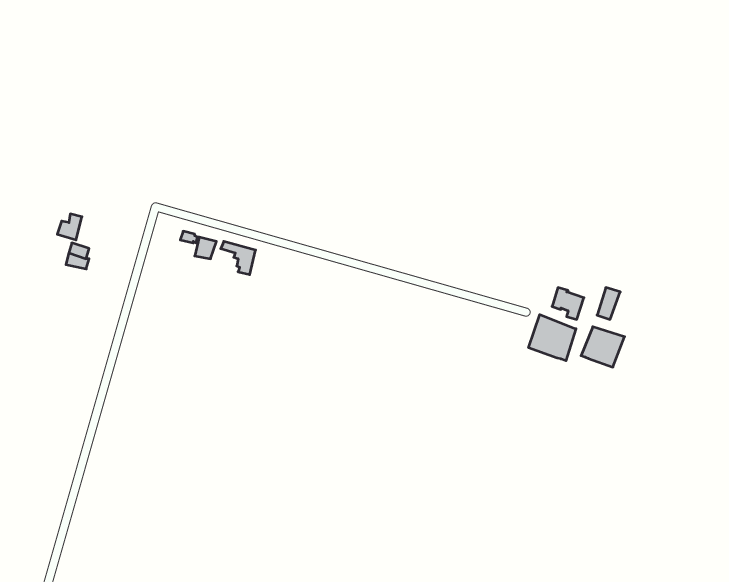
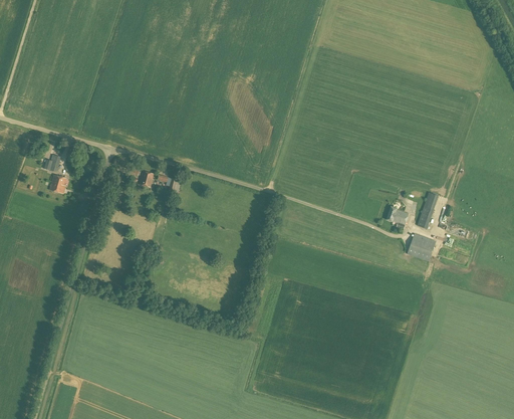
building: [529,315,576,361] -> none

